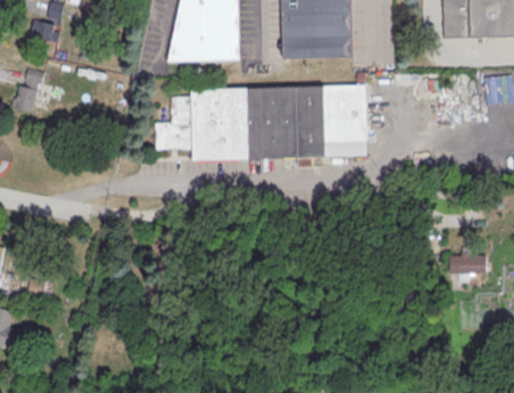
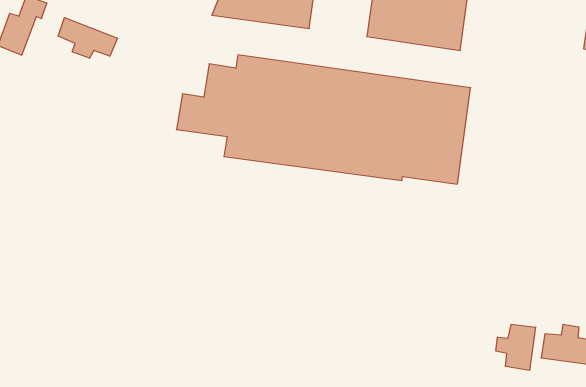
building: none -> [58,18,118,58]
building: none -> [496,324,536,370]

